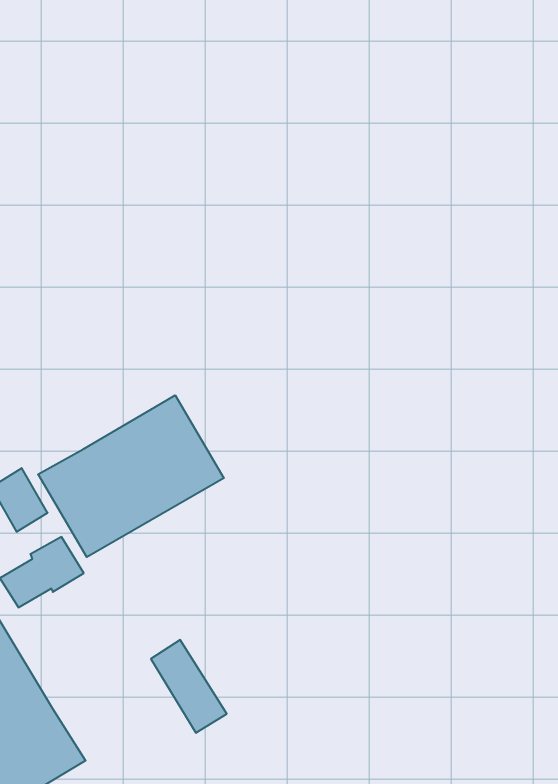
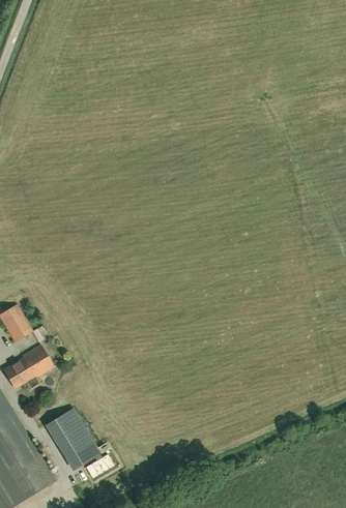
building: [38,395,224,557] -> none
building: [151,640,227,733] -> [53,409,98,465]

